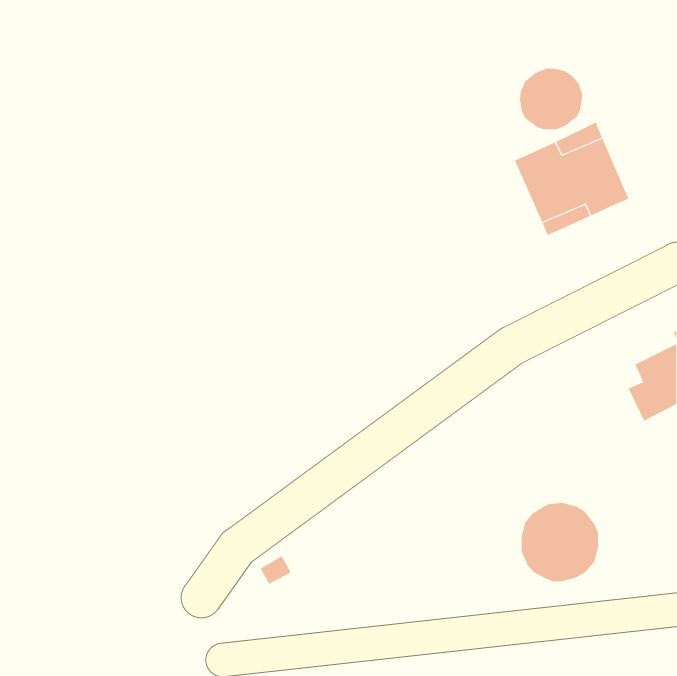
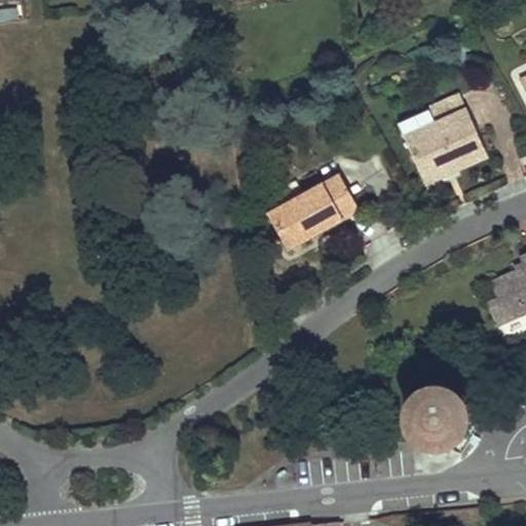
building: [519,68,583,130] -> none
building: none -> [259,173,361,251]

